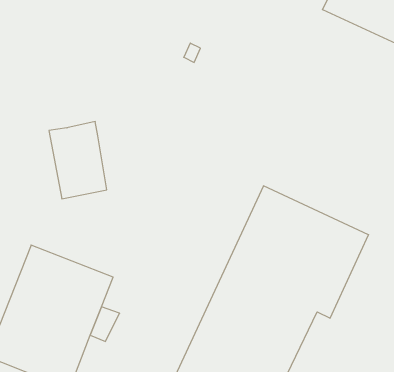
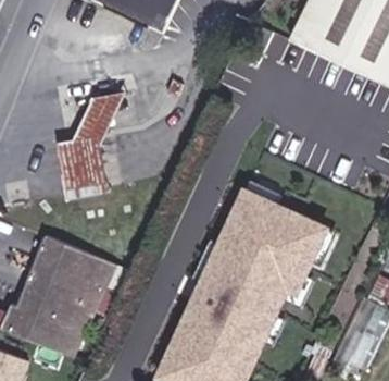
building: none -> [73,89,125,146]

